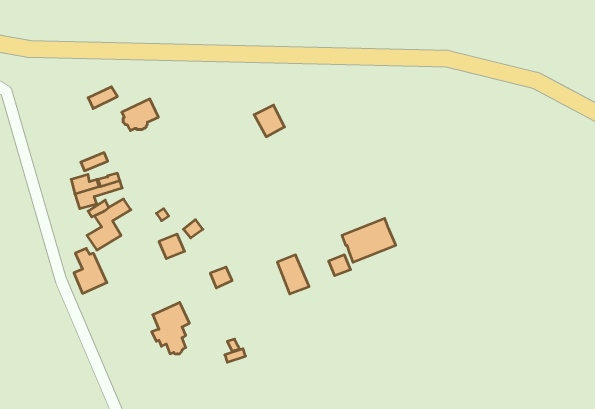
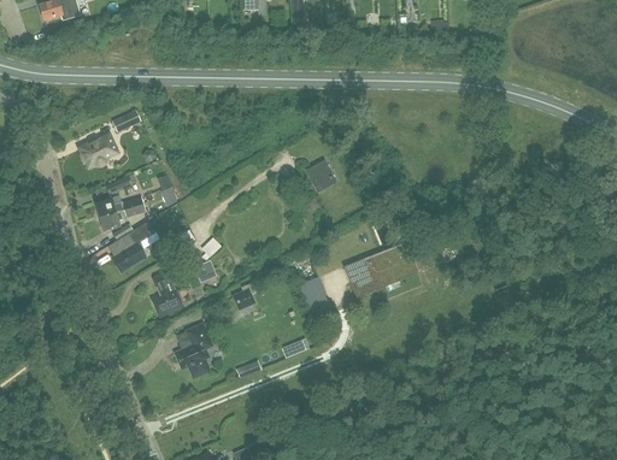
building: [122,99,158,131] -> [80,134,116,165]
building: [254,105,285,137] -> [304,159,334,190]
building: [74,248,107,293] -> [149,272,182,317]

